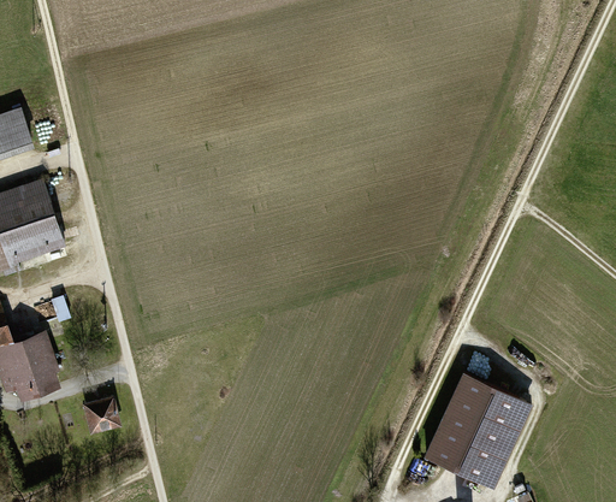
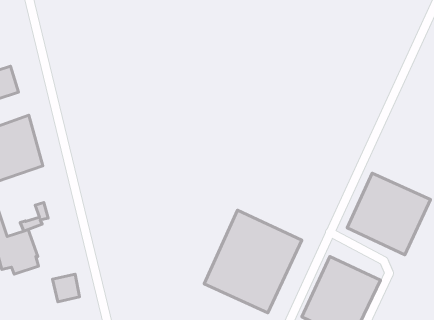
building: none -> [347,173,430,255]
building: none -> [204,210,302,313]

